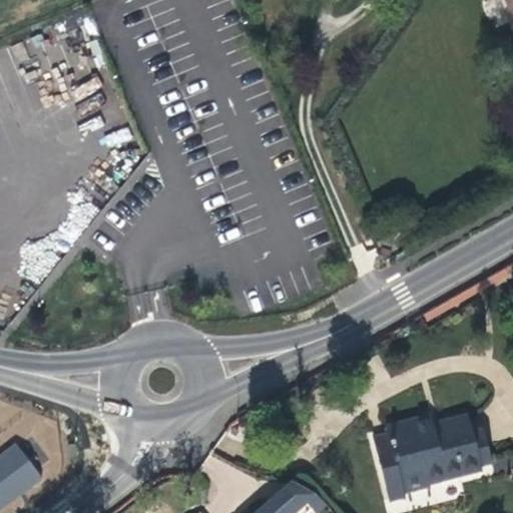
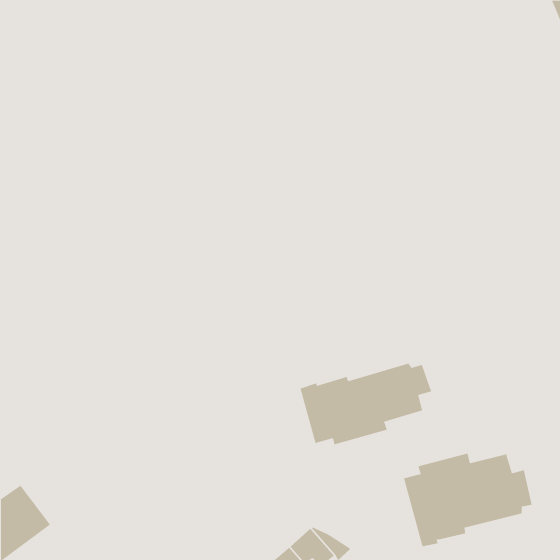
building: none -> [300,363,432,445]

